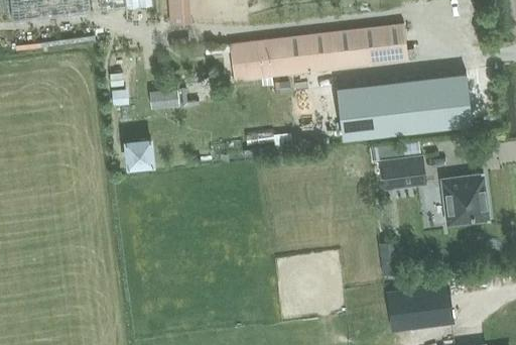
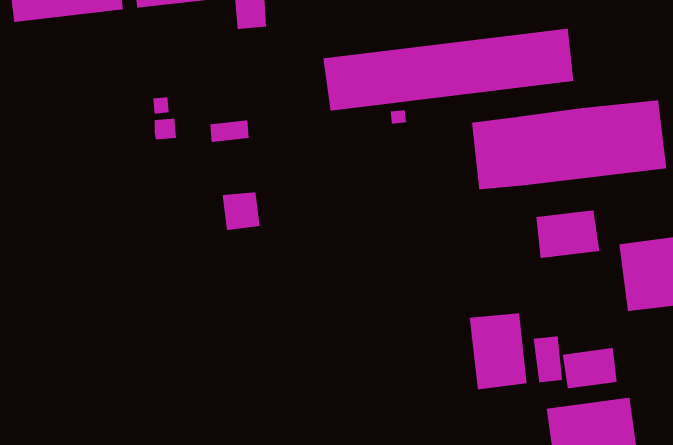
building: [124,137,151,164] -> [222,192,260,231]
building: none -> [469,312,527,390]
building: none -> [562,347,617,389]

